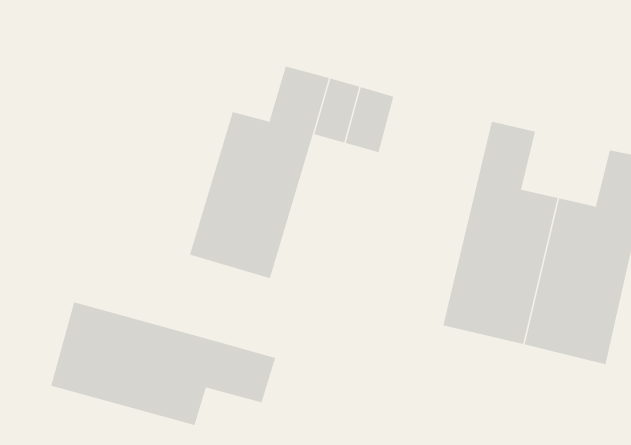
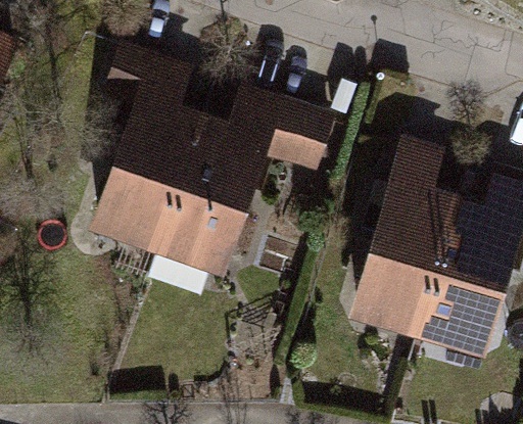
building: none -> [95,63,197,246]
building: [50,301,276,426] -> none

